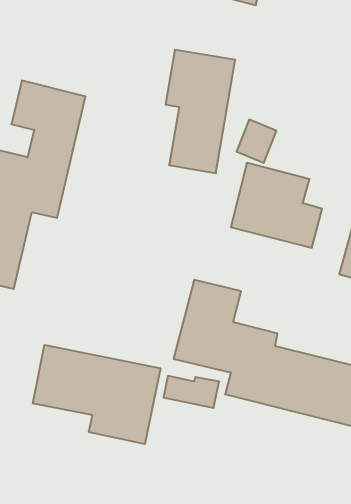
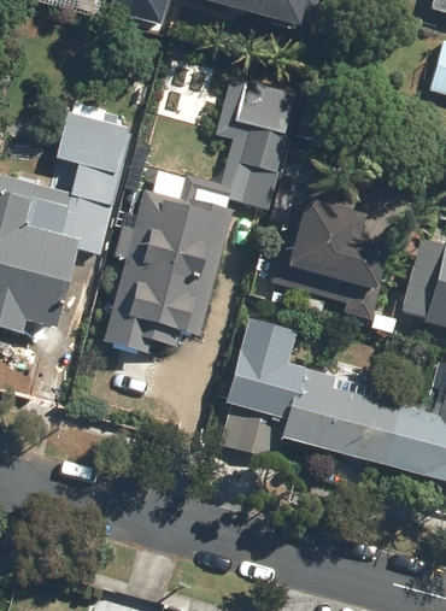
building: none -> [104,187,234,353]
building: [33,345,160,444] -> none

